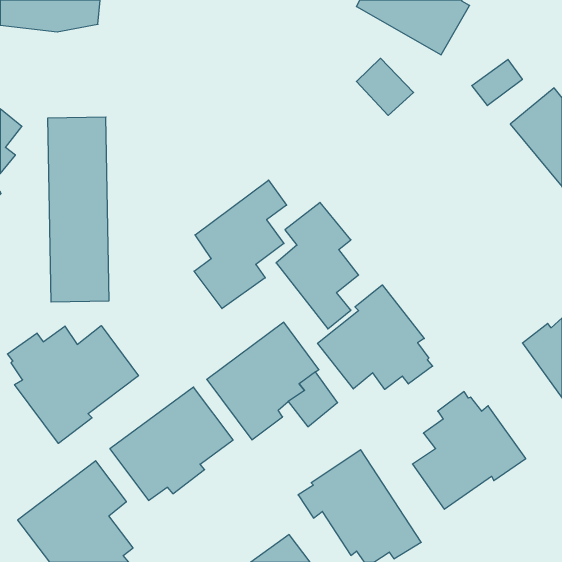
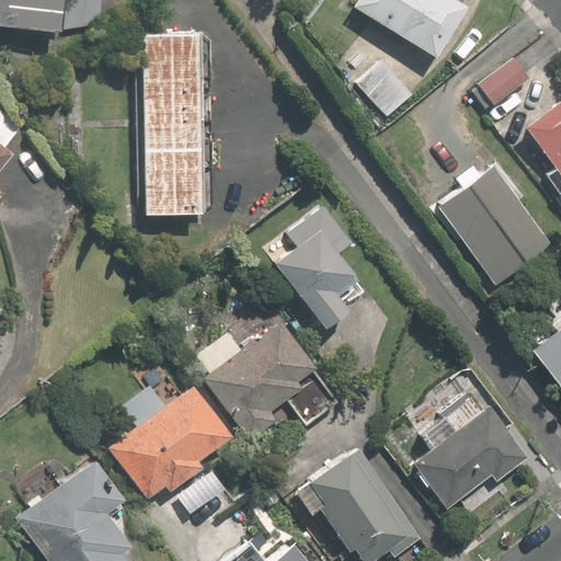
building: [48,117,109,302] -> [145,31,206,215]
building: none -> [438,165,552,284]
building: [194,180,287,309] -> none
building: [318,285,433,389] -> none
building: [7,326,138,443] -> none

